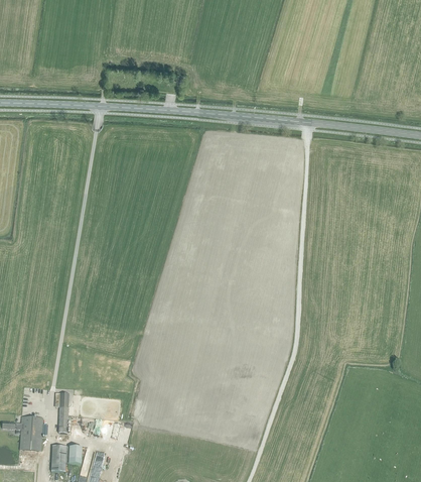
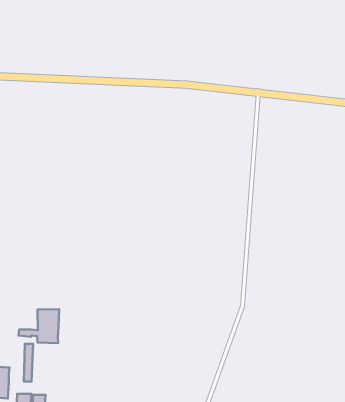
building: none -> [19,309,59,343]

